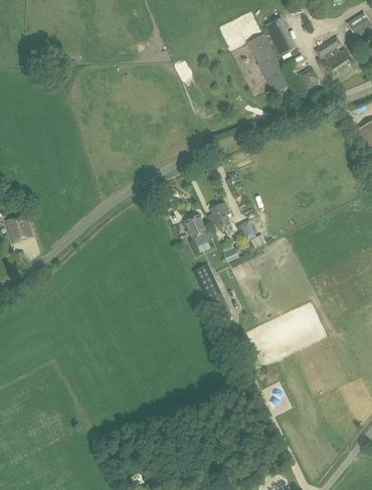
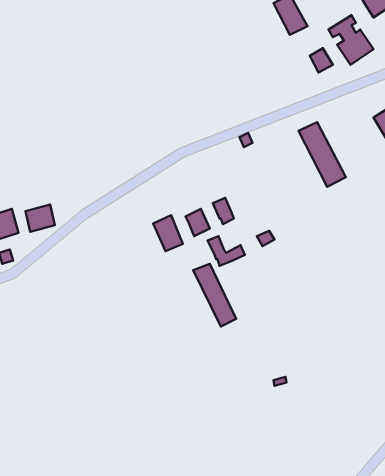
building: [246,33,290,93] -> [299,122,346,187]
building: none -> [26,204,55,232]
building: none -> [153,215,183,251]

